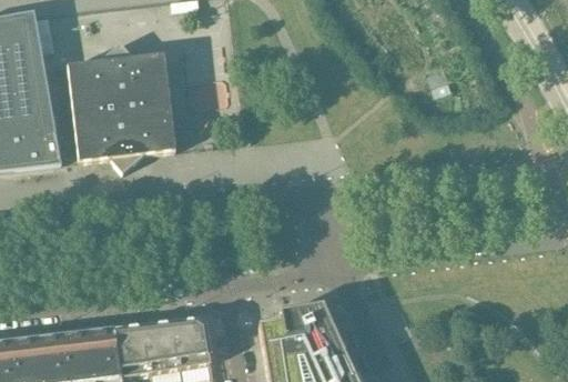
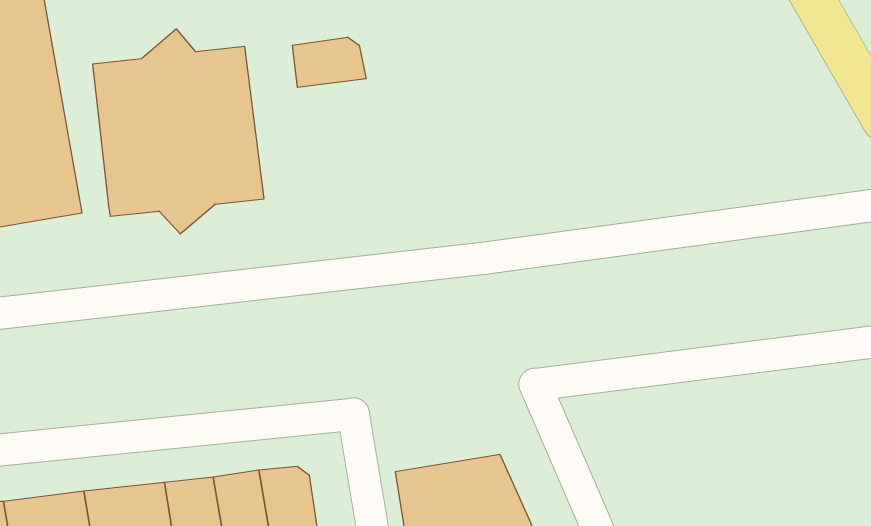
building: none -> [293,37,366,87]

